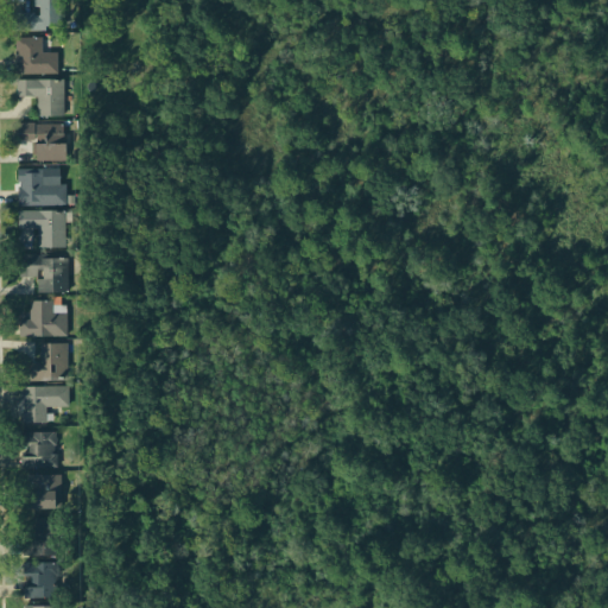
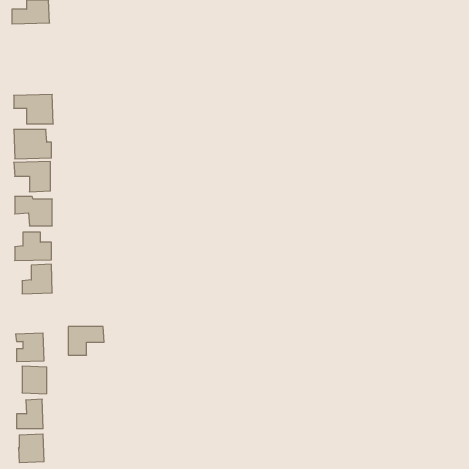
building: [15,37,58,74] -> none
building: [17,78,64,116] -> none
building: [23,386,69,423] -> [68,327,104,355]

